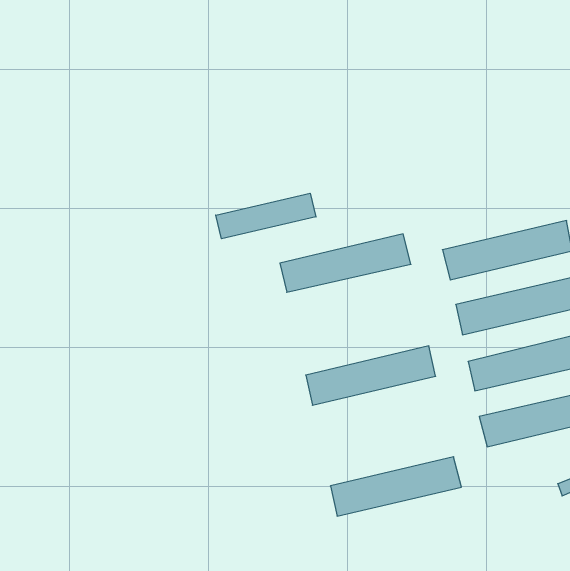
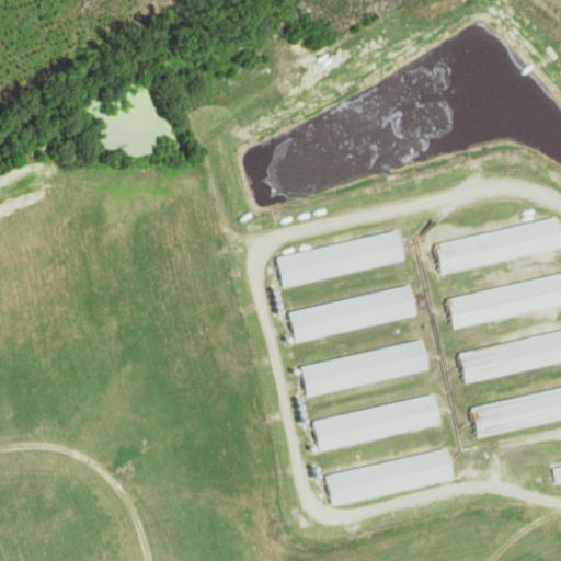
building: [216,193,316,239] -> none
building: none -> [288,285,416,343]
building: none -> [313,394,440,451]

